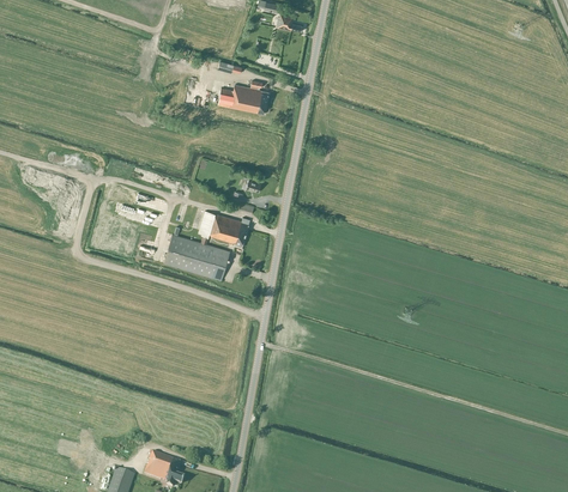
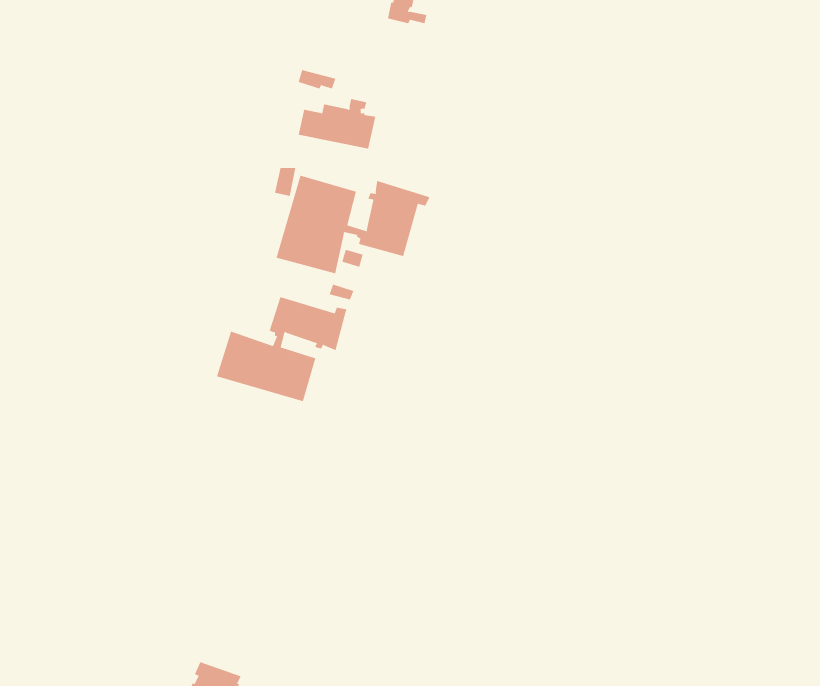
building: none -> [276,175,430,274]

